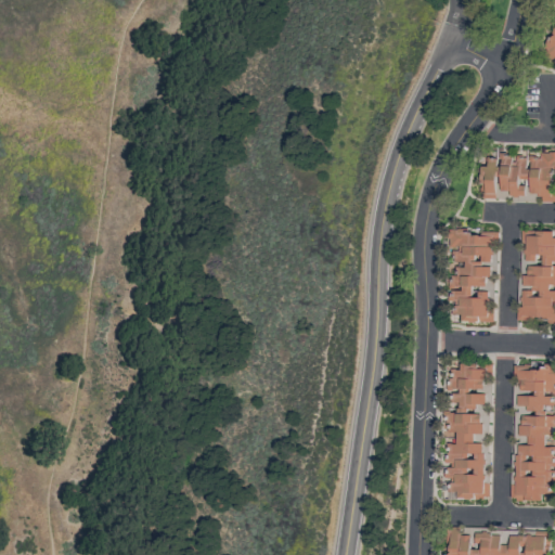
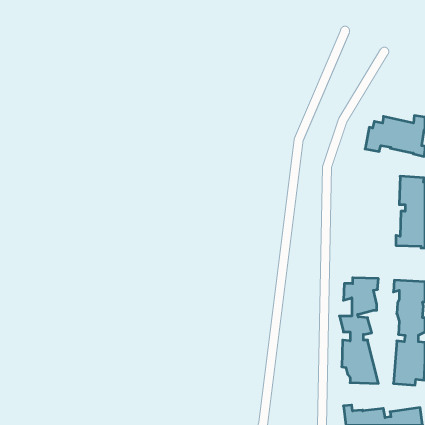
building: [448,232,496,323] -> none

